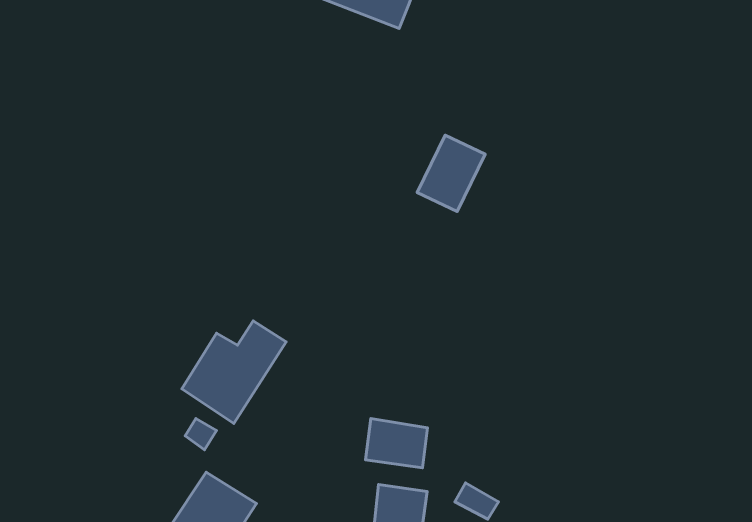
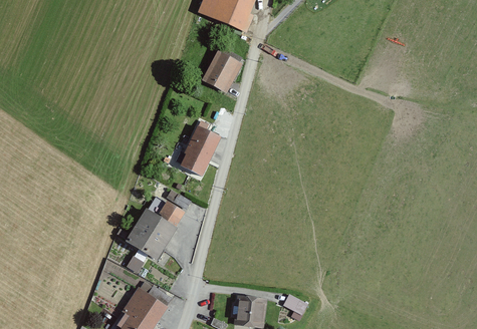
building: [417,135,485,212] -> [200,49,239,93]
building: none -> [179,124,220,175]
building: [366,419,427,468] -> none

